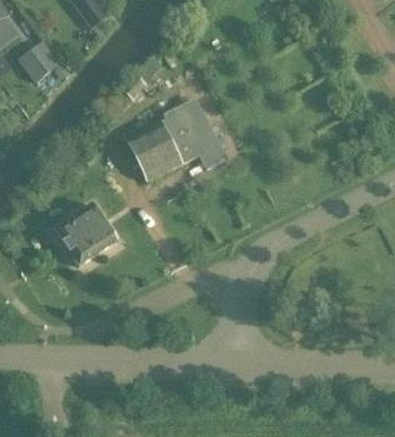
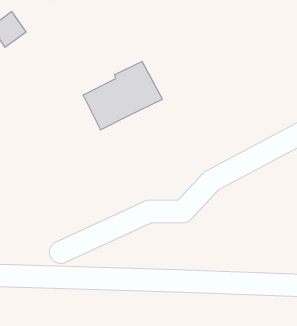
building: [54,200,116,263] -> none

